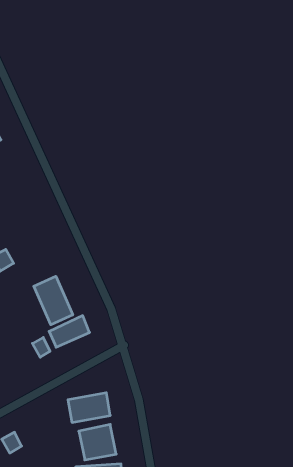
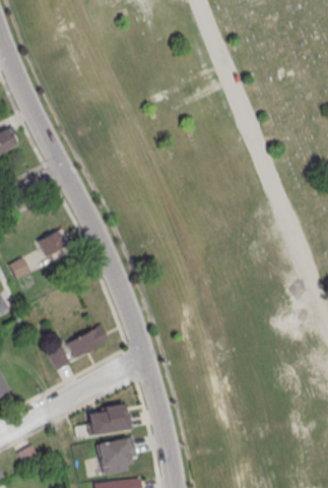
building: none -> [37,230,67,257]
building: [34,276,73,325] -> none

